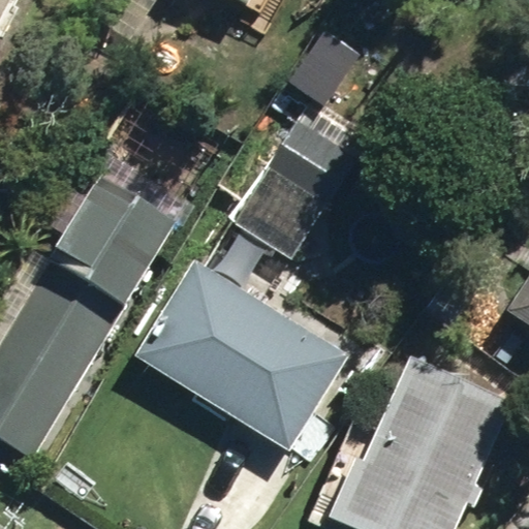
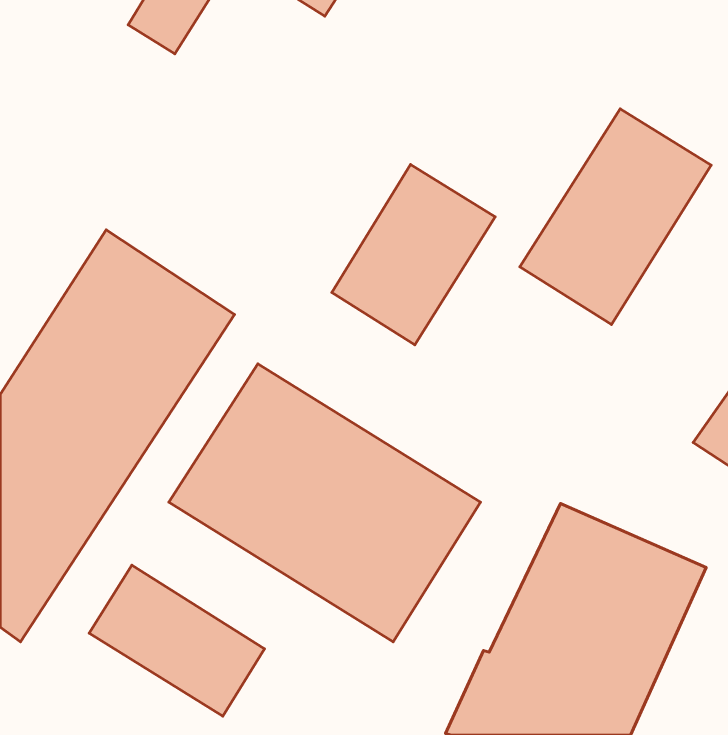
building: none -> [520,109,711,325]
building: none -> [89,565,264,716]

